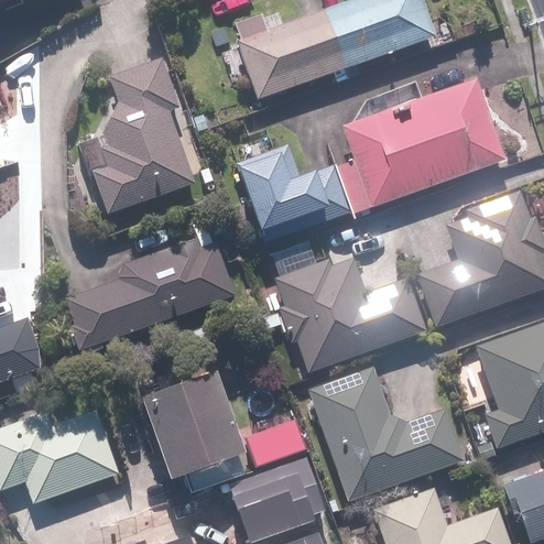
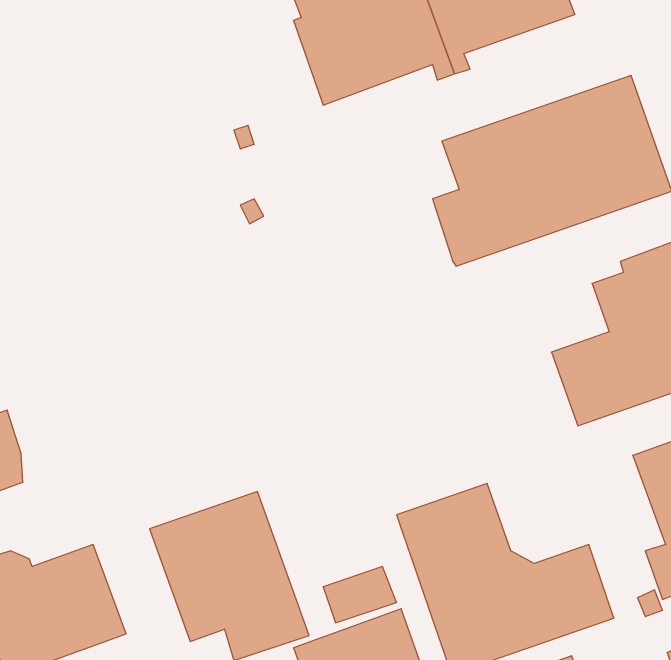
building: [93,59,194,213] -> none
building: [232,146,349,242] -> none
building: [66,220,235,349] -> none
building: [264,241,425,372] -> none

